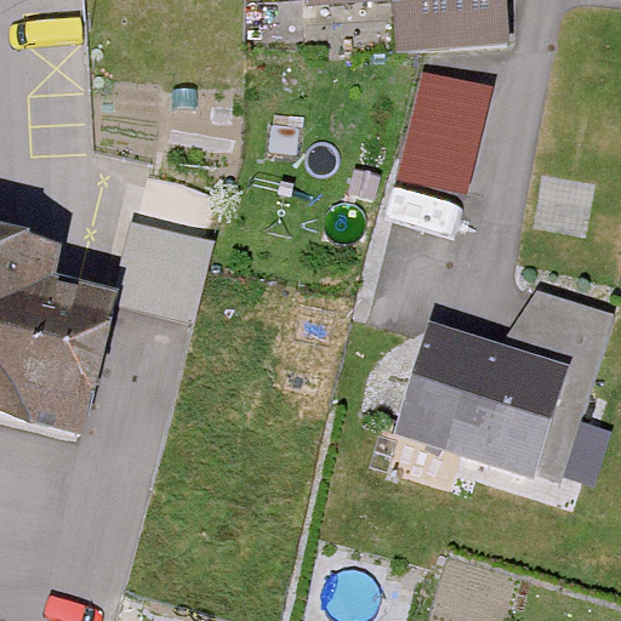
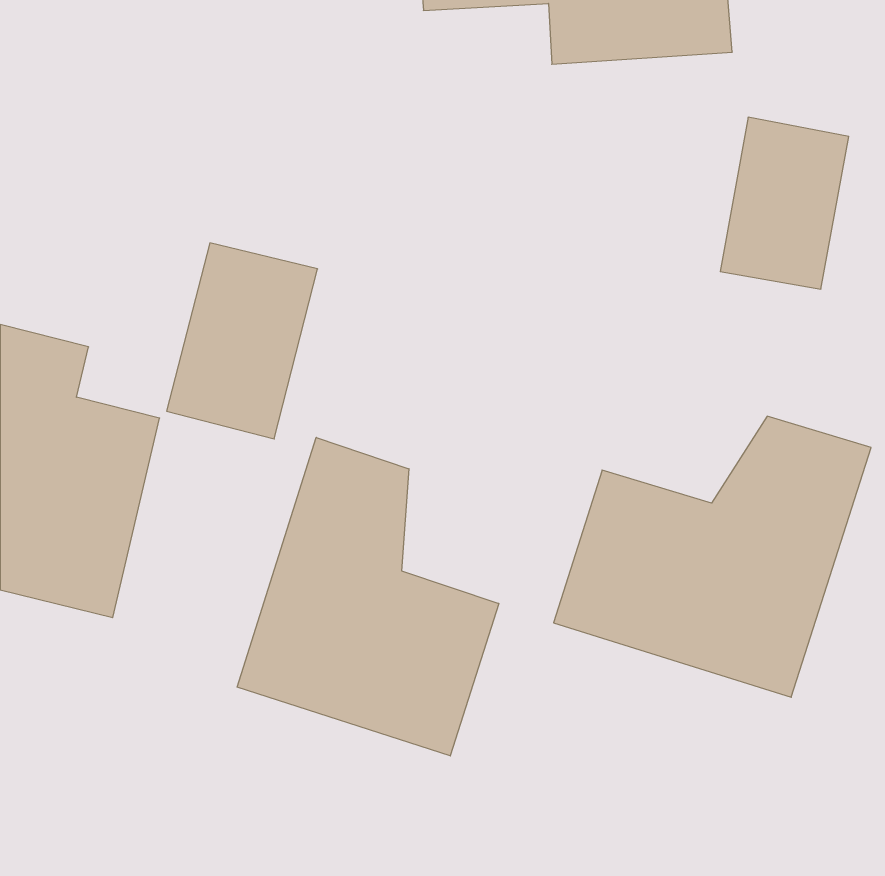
building: [401,63,491,183] -> [720,117,849,289]
building: none -> [237,437,499,756]

